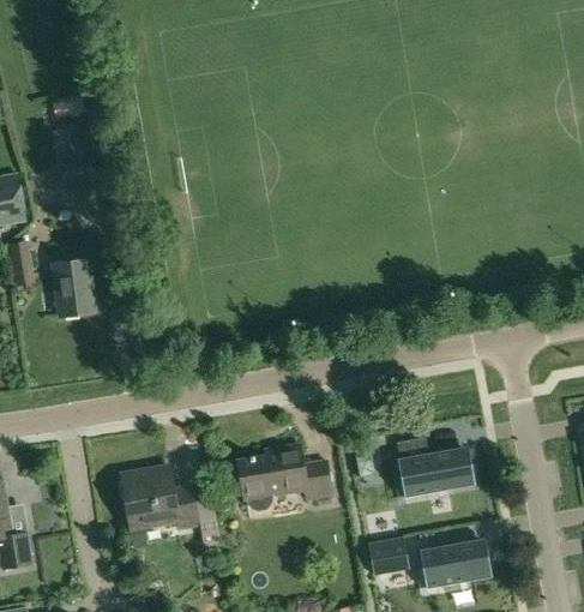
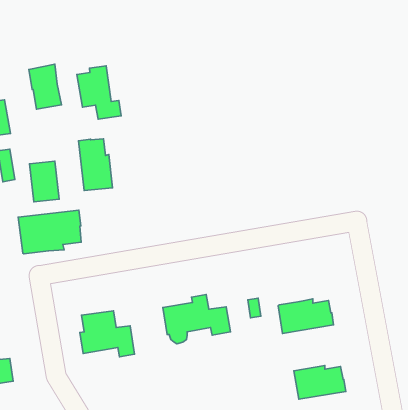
building: none -> [77,66,121,119]
building: none -> [78,139,113,191]
building: none -> [18,210,81,254]
building: [368,536,407,575] -> none

